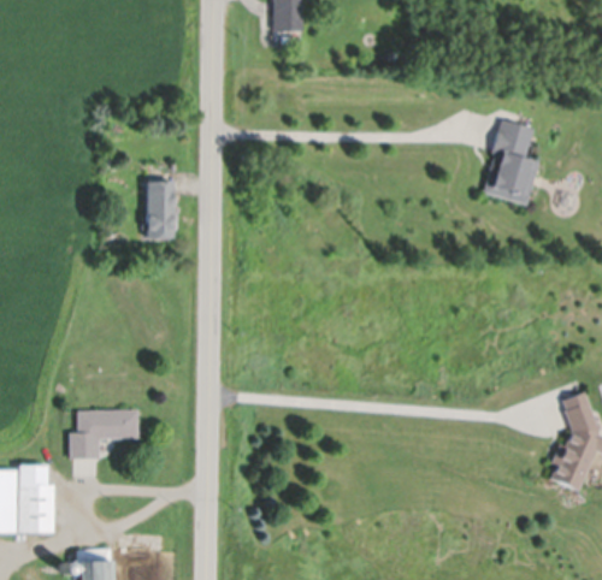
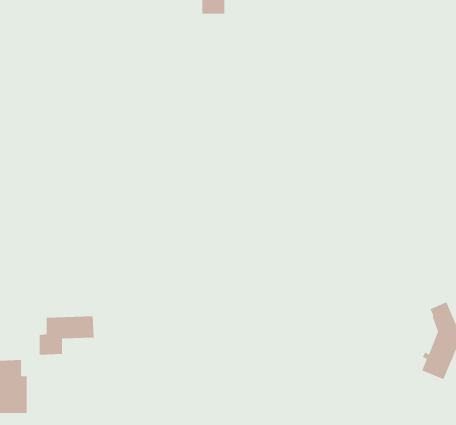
building: [483,119,539,206] -> none
building: [146,178,172,237] -> none

